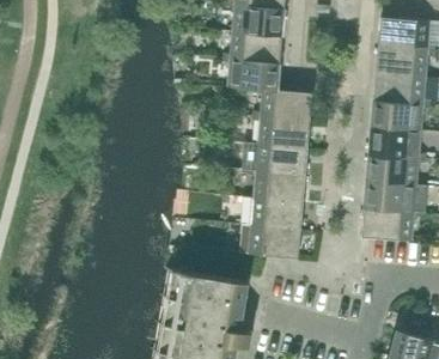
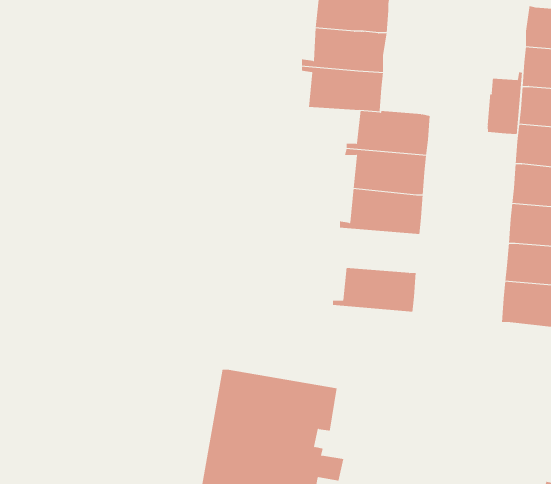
building: none -> [487,72,523,135]
building: [248,171,305,202] -> none
building: [243,225,300,258] -> none

